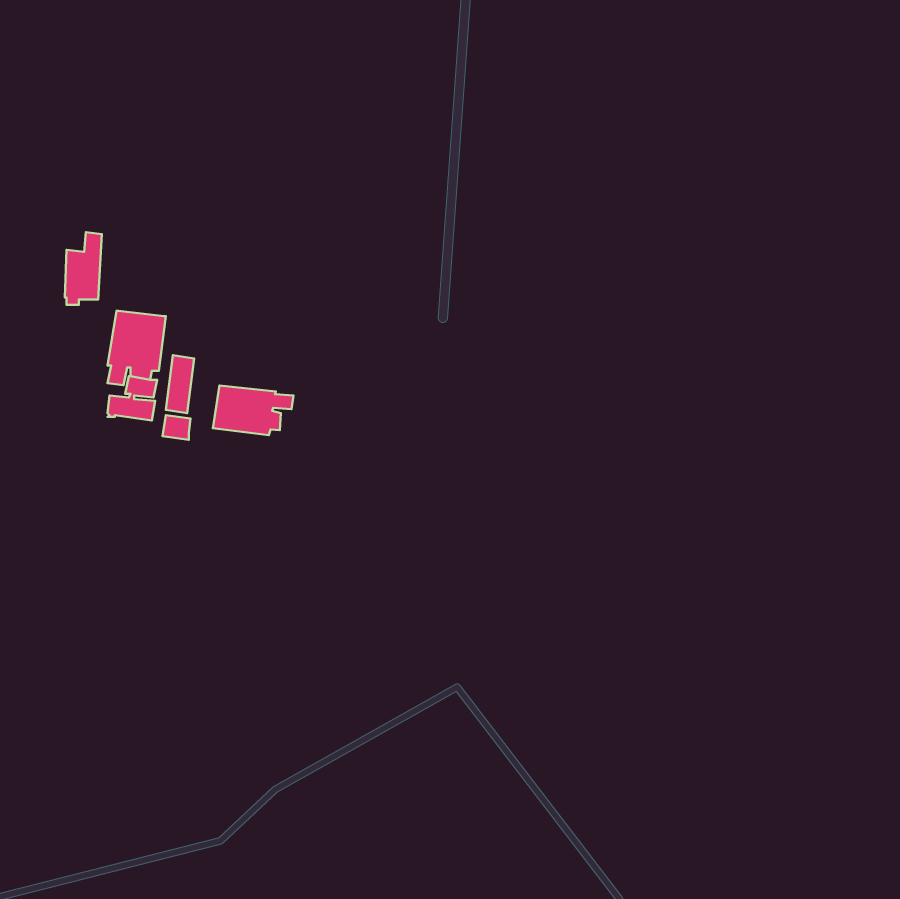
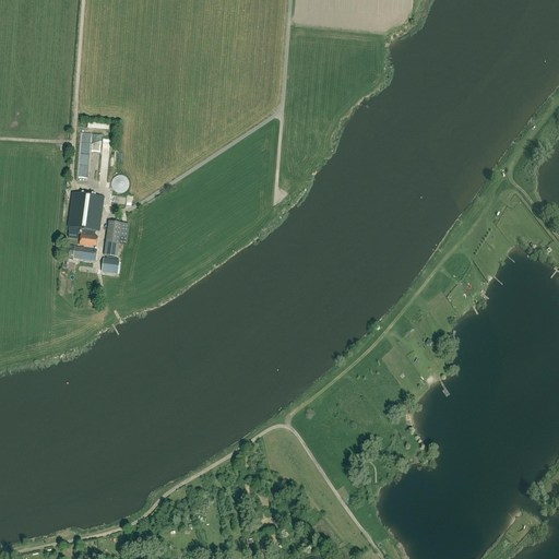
building: [65,232,102,305] -> [80,129,103,174]
building: [213,386,293,435] -> none

